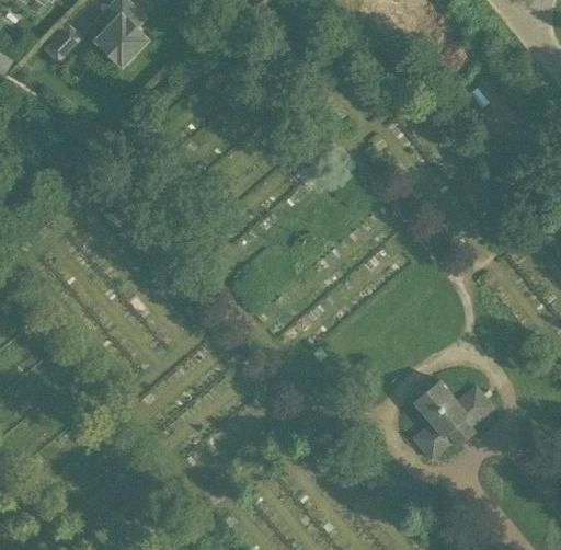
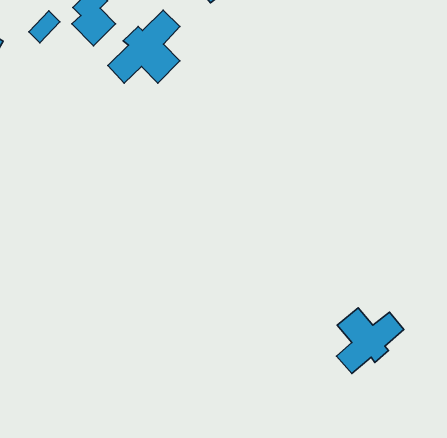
building: none -> [108,10,180,83]

